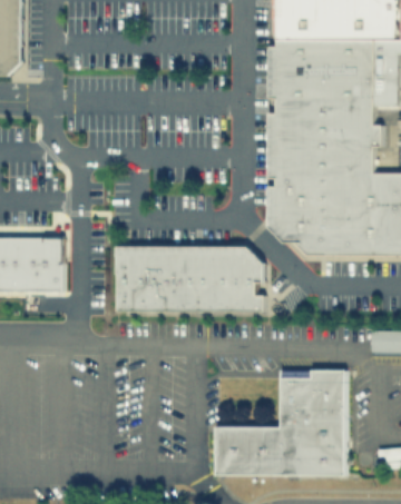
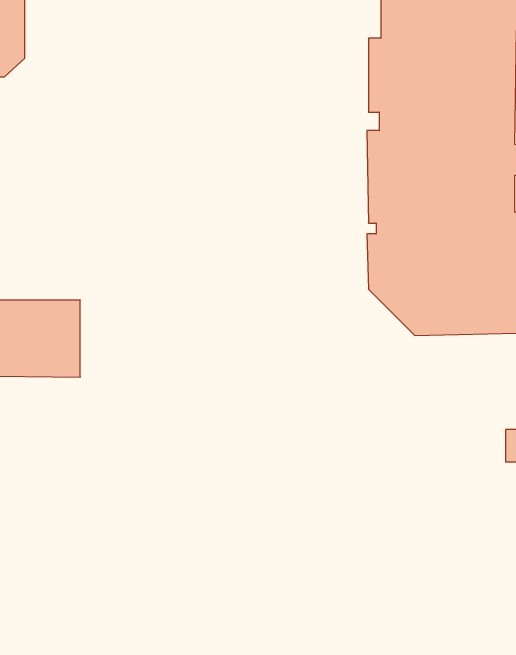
building: [117,245,265,310] -> none
building: [215,369,344,475] -> none

